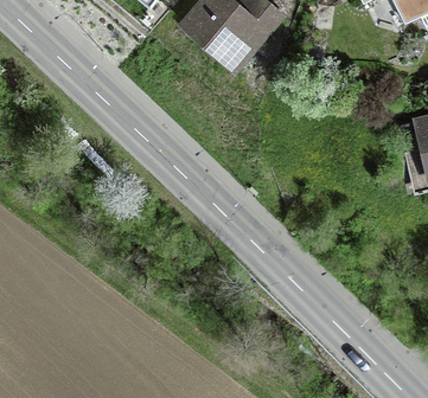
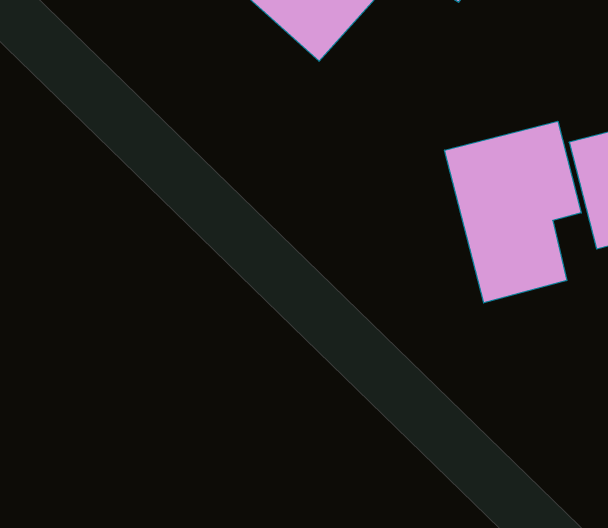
building: none -> [445,121,581,303]

